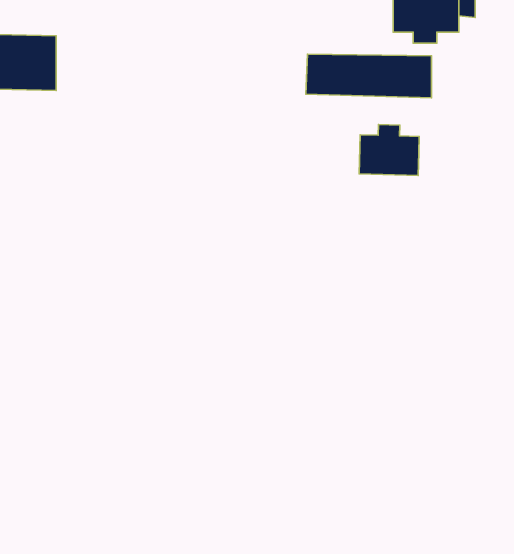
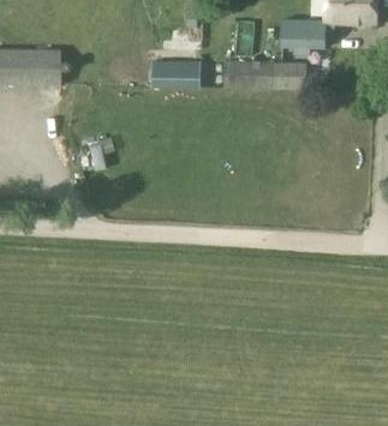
building: none -> [151,61,199,88]
building: [359,125,419,176] -> none

